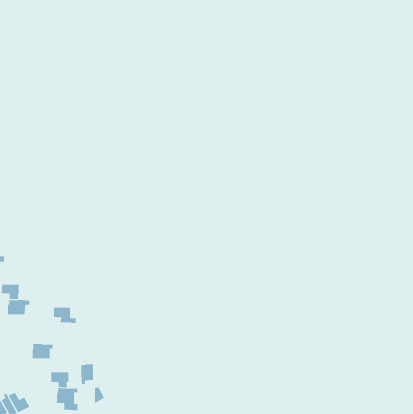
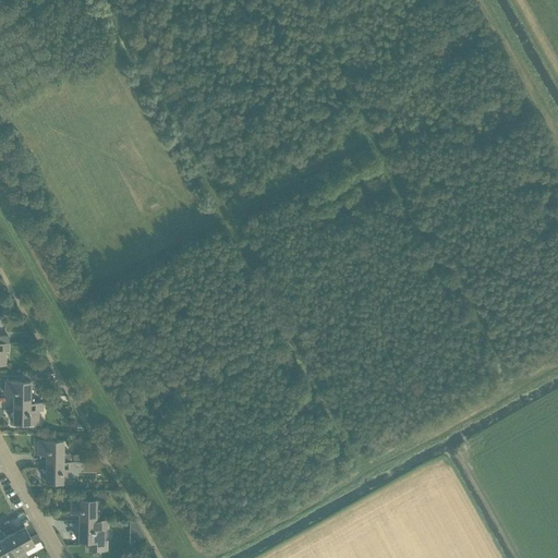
building: [53,307,77,324] -> [35,441,66,463]
building: [81,363,94,385] -> none

